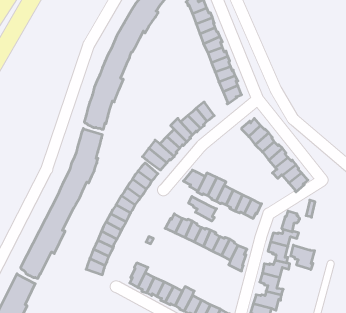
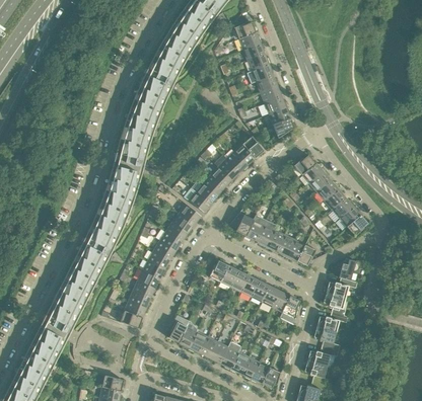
building: [189,196,217,221] -> none
building: [291,245,315,270] -> none

